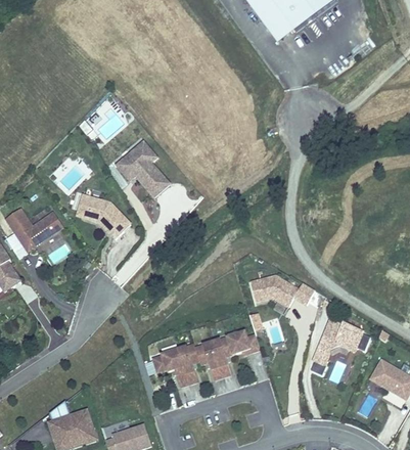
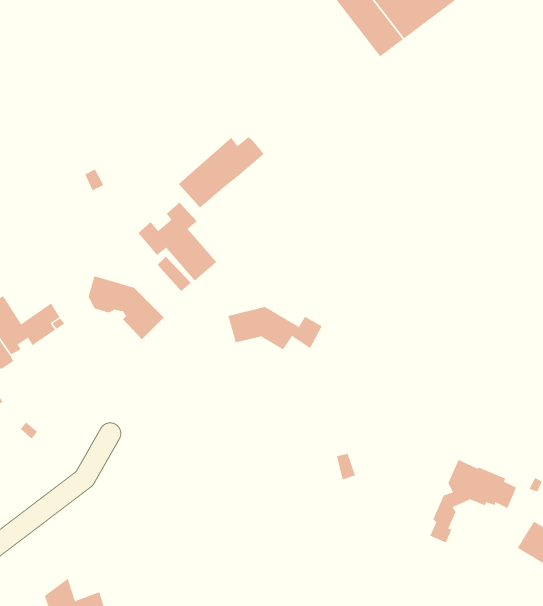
building: none -> [178,136,265,209]
building: [250,276,315,306] -> [228,307,322,350]
building: [153,333,260,387] -> none

